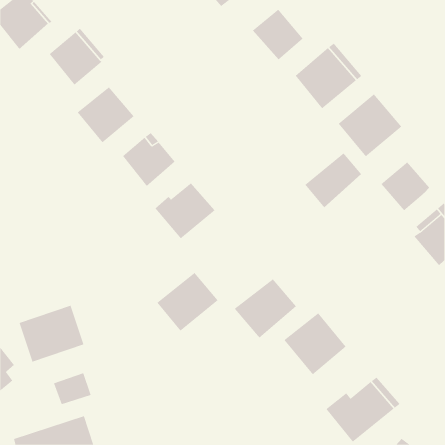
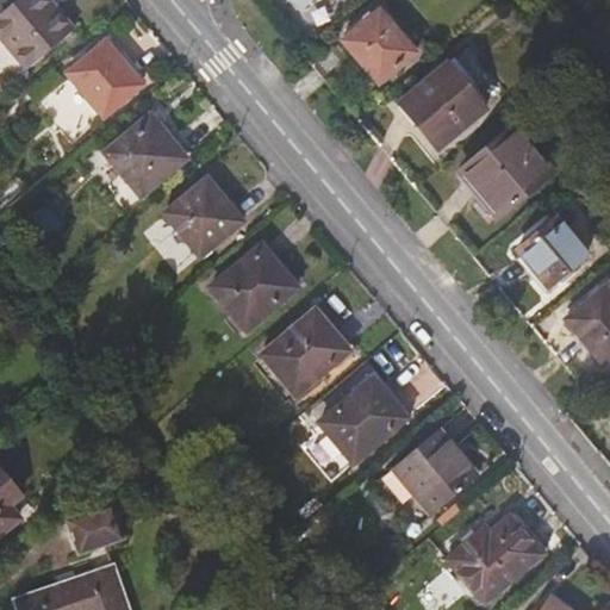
building: [305,152,362,208] -> none
building: [156,272,218,331] -> [263,312,348,393]
building: [19,305,84,363] -> none

